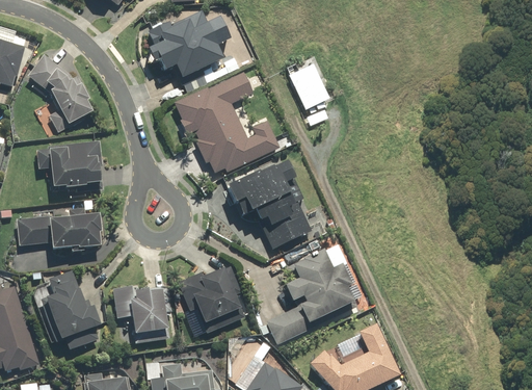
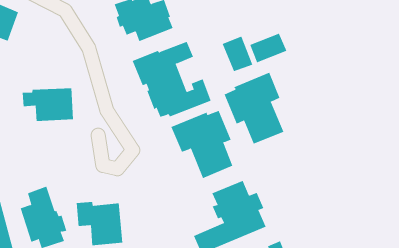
building: [27,54,95,132] -> none
building: none -> [250,33,287,63]
building: none -> [224,72,284,145]
building: [16,207,102,249] -> none
building: [175,265,245,332] -> none

